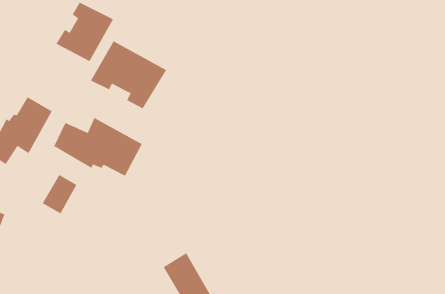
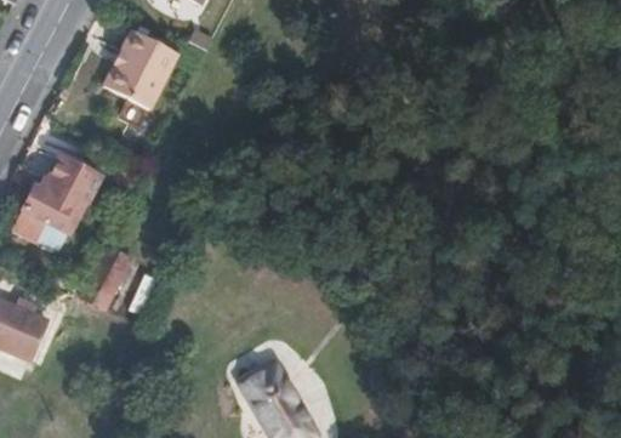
building: [90,40,167,109] -> none
building: [53,117,143,176] -> none

